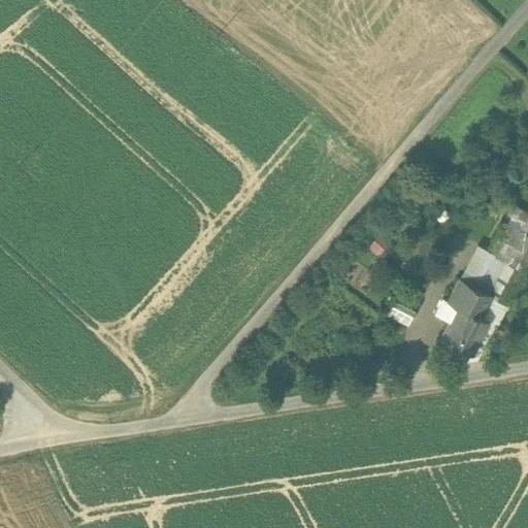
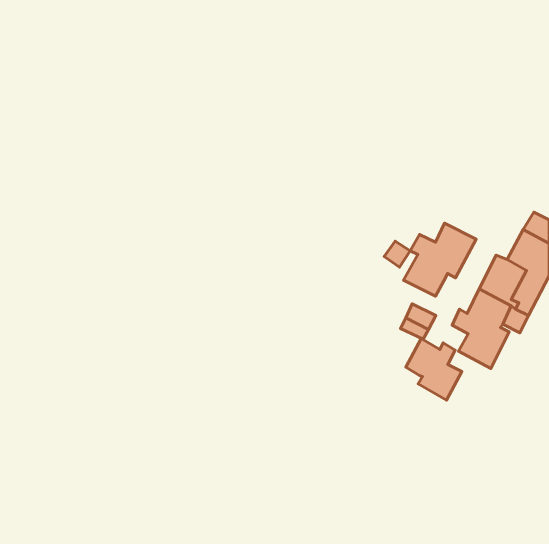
building: none -> [404,223,476,296]
building: none -> [406,338,462,400]

